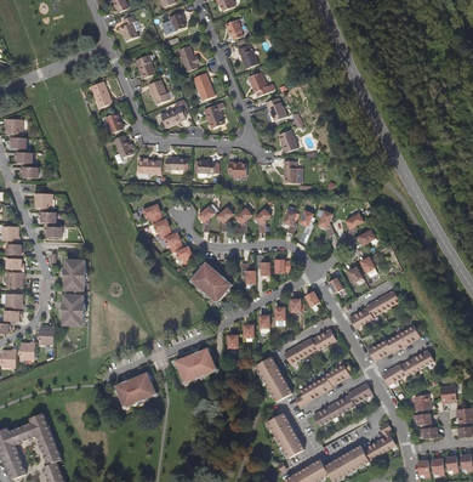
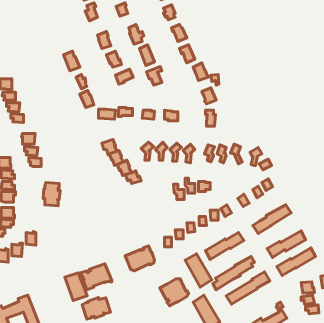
building: [192,261,232,300] -> none
building: [62,295,84,327] -> none
building: none -> [65,273,87,301]
building: none -> [160,279,188,306]
building: none -> [82,297,110,319]

